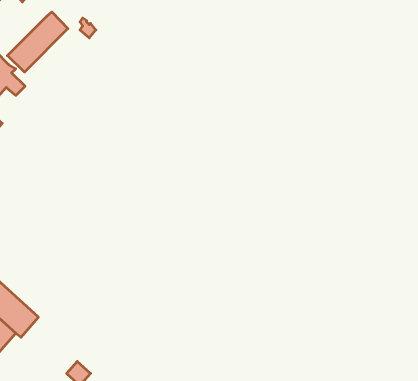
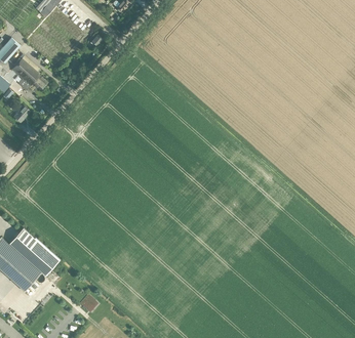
building: [7,12,68,72] -> none

